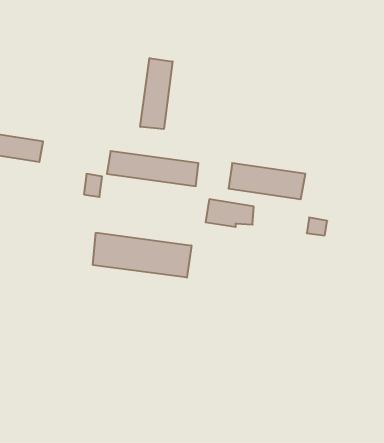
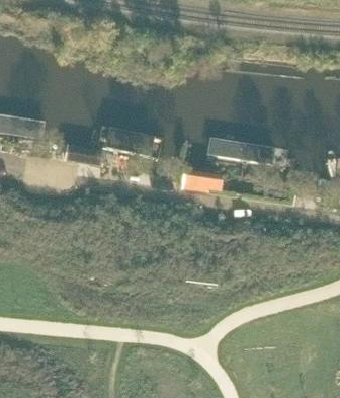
building: [140,58,173,129] -> none
building: [93,233,191,278] -> none

